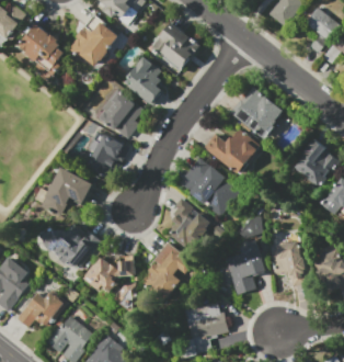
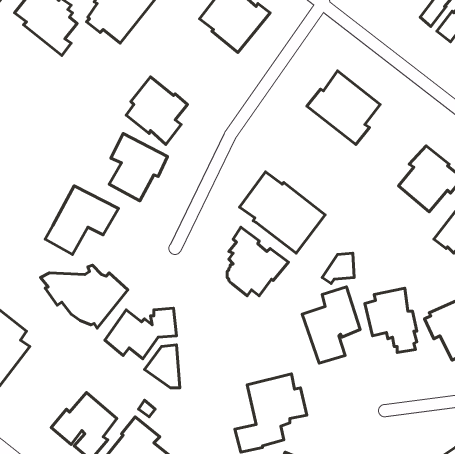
building: [127,56,163,106] -> none
building: [205,129,260,173] -> none
building: [141,242,192,301] -> none
building: [16,290,68,327] -> none

